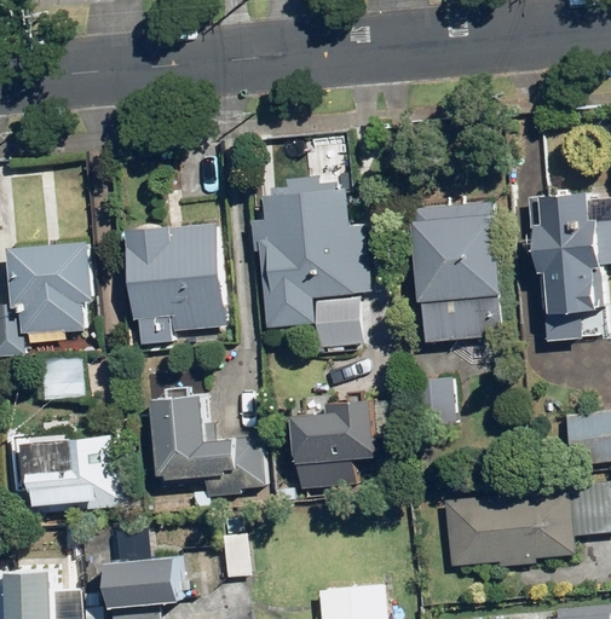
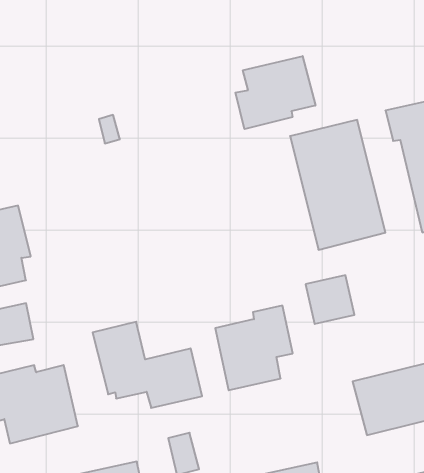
building: none -> [235,56,315,129]
building: [240,190,369,351] -> none
building: [126,222,226,345] -> none

